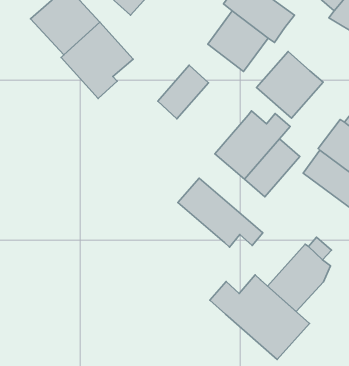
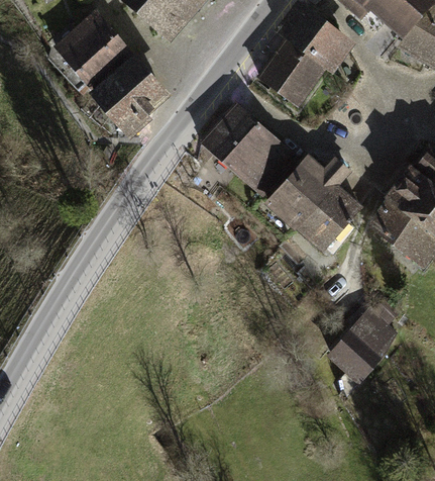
building: [256,52,323,118] -> [222,121,299,198]
building: [178,178,263,247] -> none
building: [210,275,310,360] -> none

